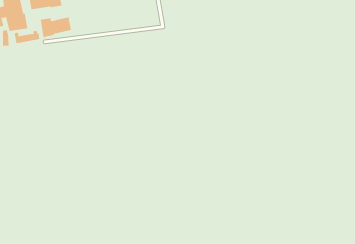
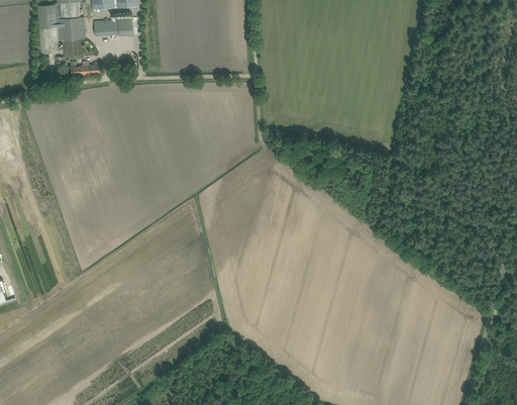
building: [40,16,72,38] -> none

